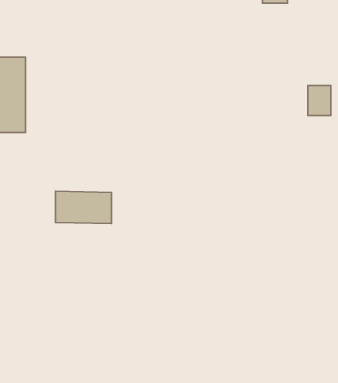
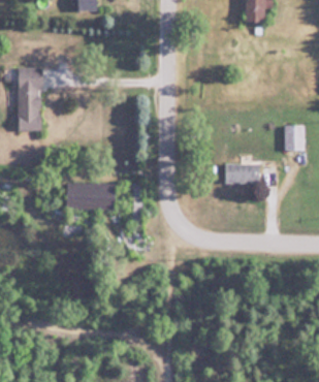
building: [308,86,331,115] -> [284,125,304,151]
building: none -> [224,163,259,184]

